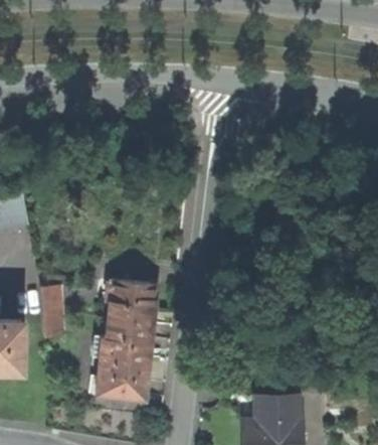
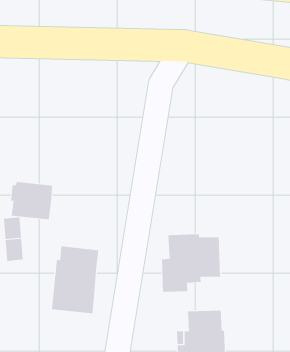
building: [107,279,157,324] -> [10,181,53,220]
building: none -> [161,234,220,292]

